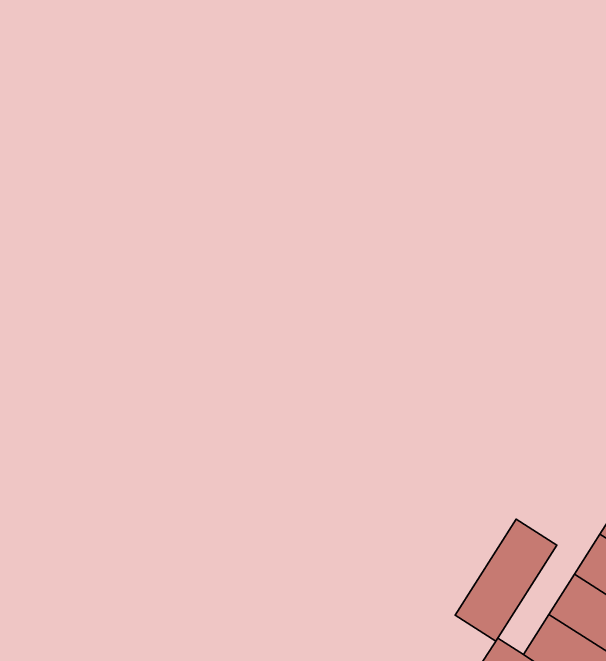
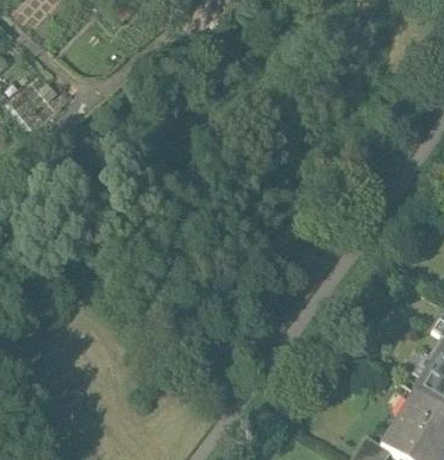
building: [455,519,557,641] -> none

